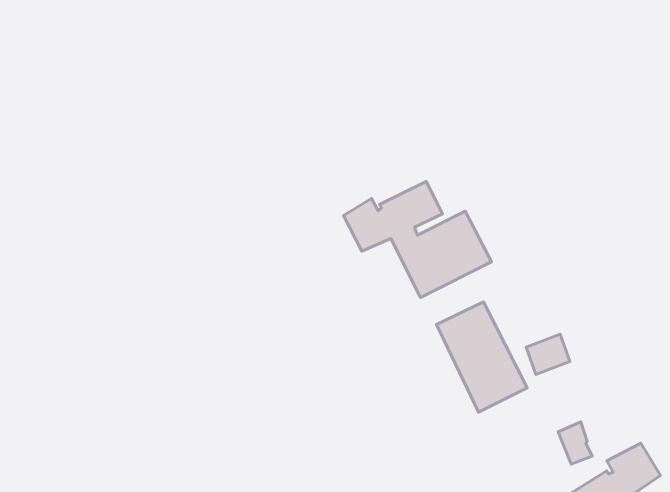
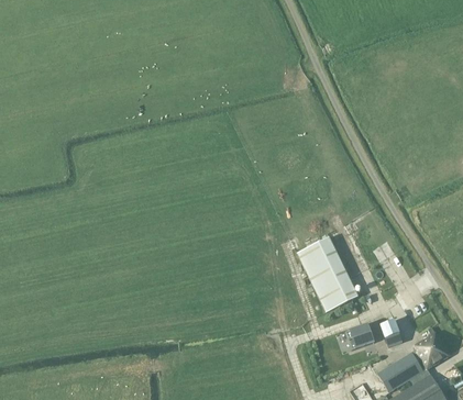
building: [344,182,492,297] -> none
building: [526,334,570,375] -> [345,322,375,349]

